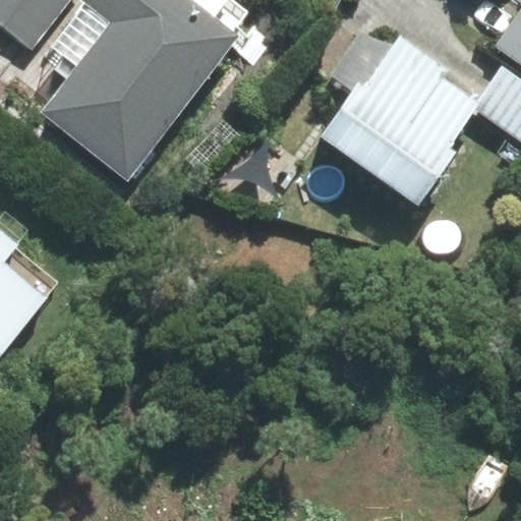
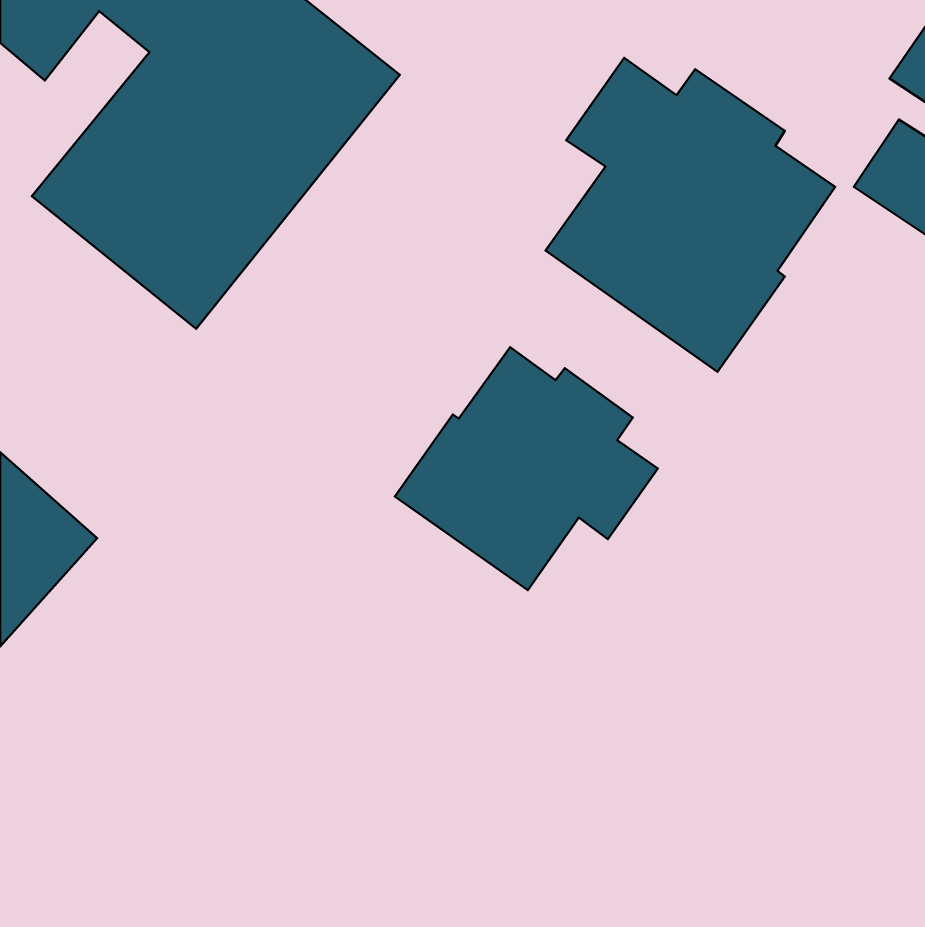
building: none -> [395,347,658,590]

